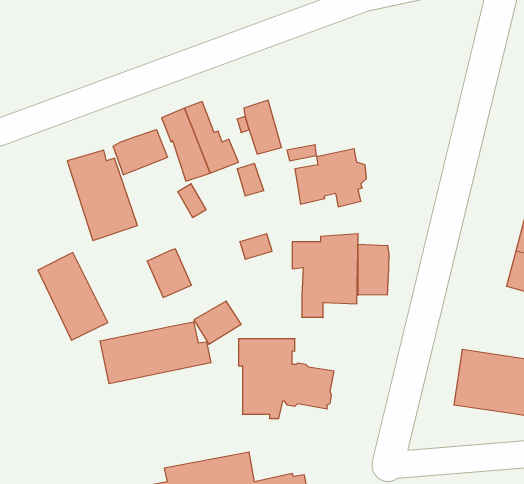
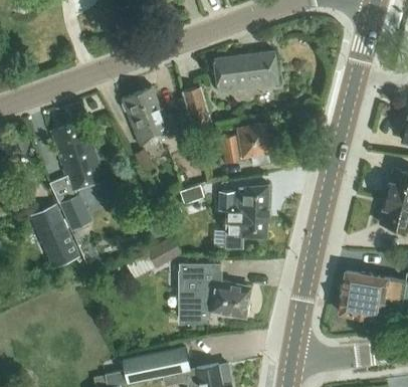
building: none -> [213,52,277,92]
building: [113,130,168,175] -> none
building: [358,244,389,295] -> none
building: [147,249,192,297] -> [58,194,91,230]
building: [100,322,211,384] -> none

